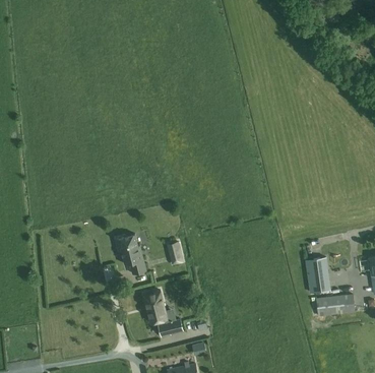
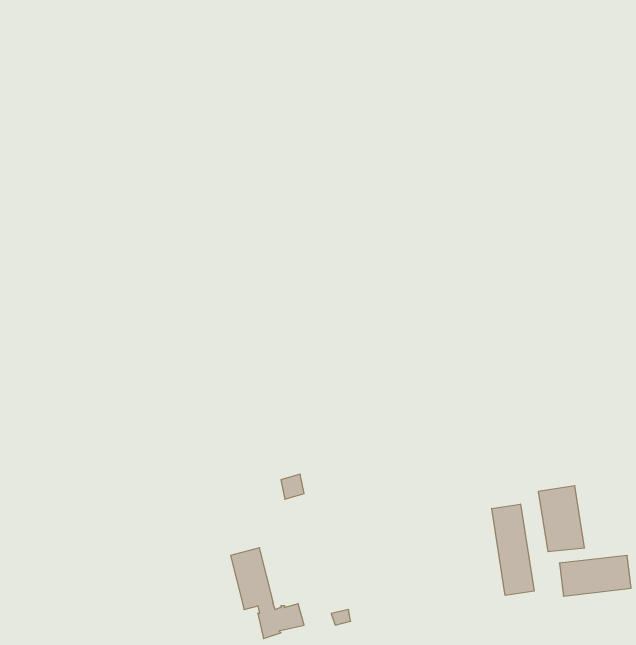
building: [115,234,145,274] -> none
building: none -> [492,504,534,595]

